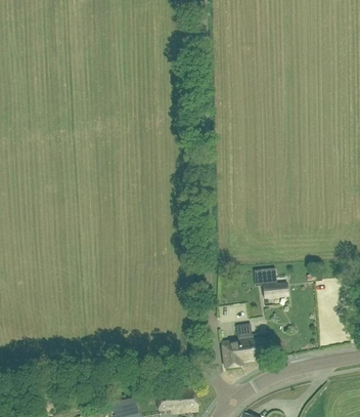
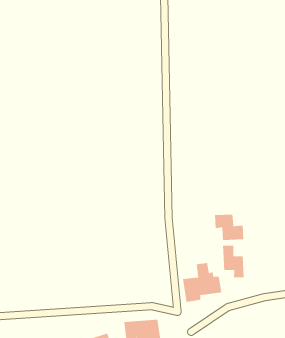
building: none -> [223,245,244,278]

